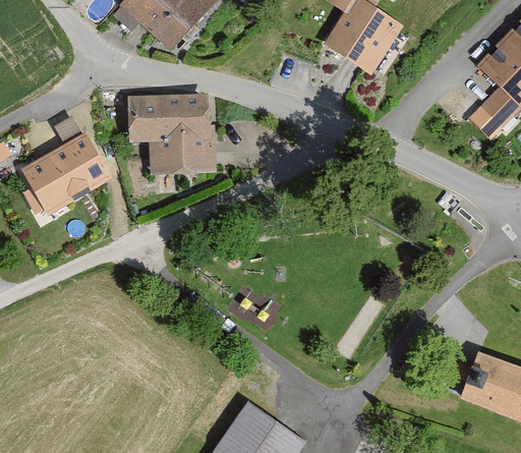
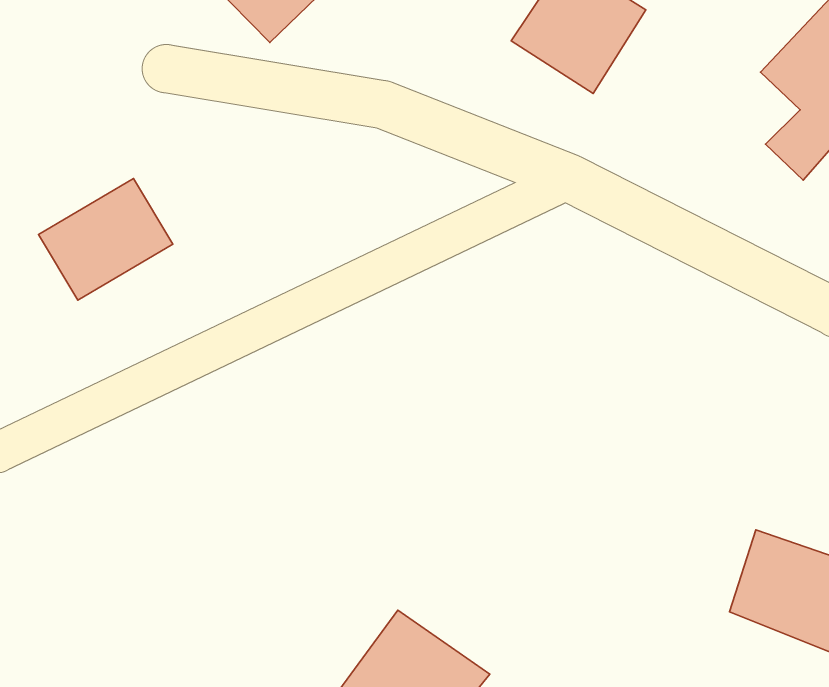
building: [126,93,217,177] -> none

